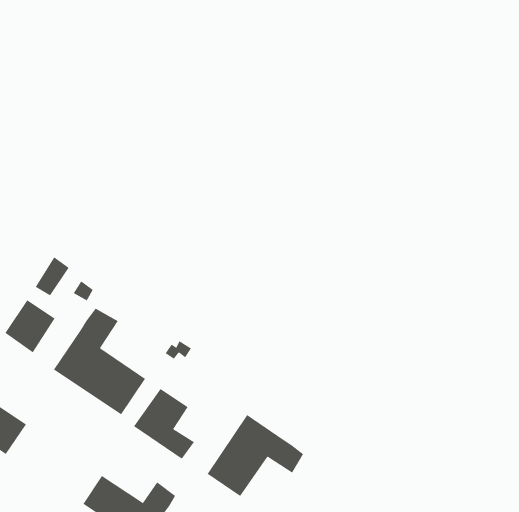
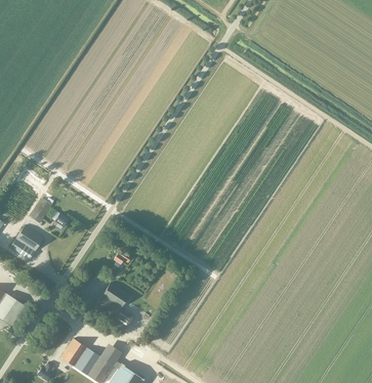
building: [53,308,146,415] -> none
building: [207,414,304,497] -> none

